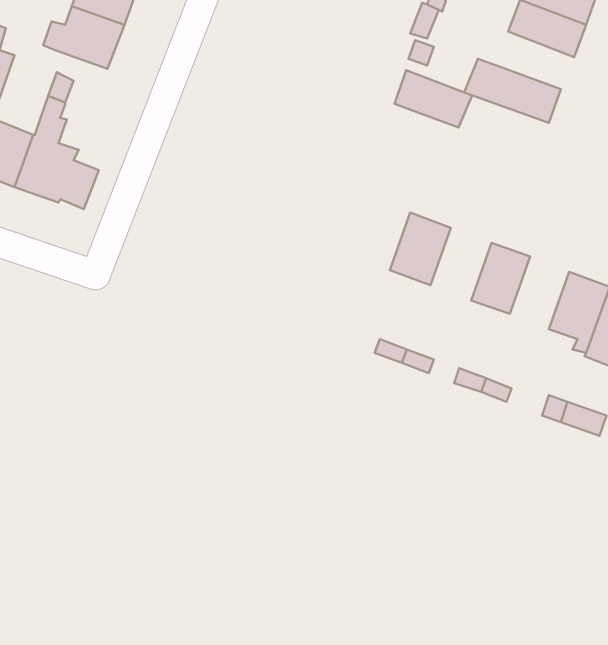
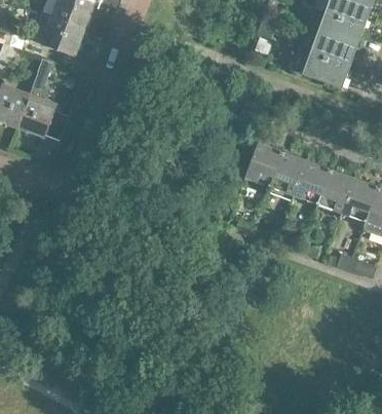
building: [394,70,472,128] -> [309,32,356,67]
building: none -> [269,151,306,195]
building: none -> [317,168,353,219]

